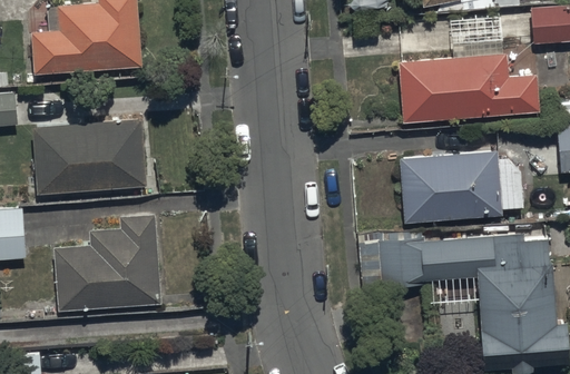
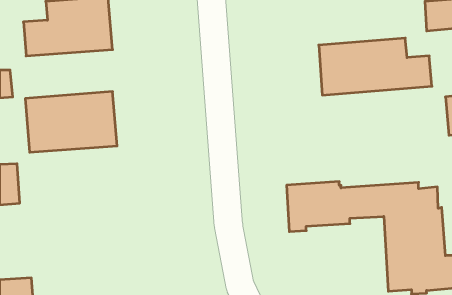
building: [400,151,523,223] -> none
building: [55,215,159,311] -> none

